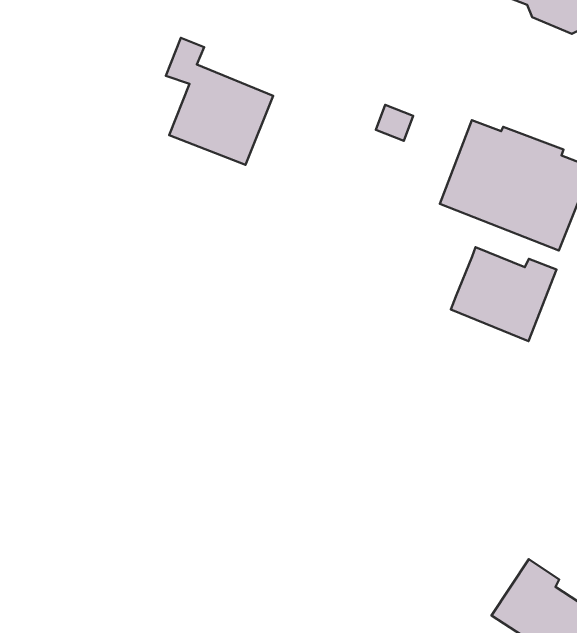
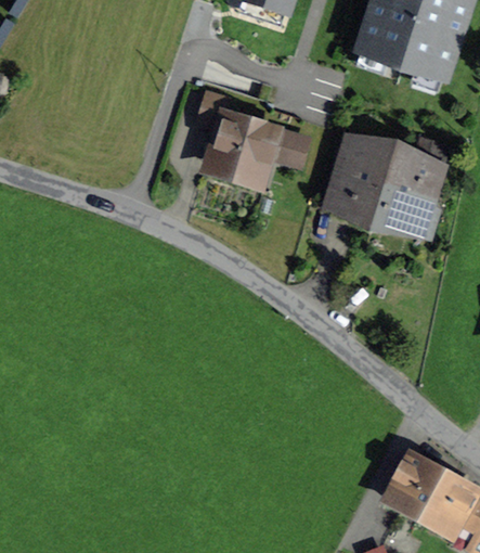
building: [166,38,273,165] -> [200,95,278,183]
building: [451,247,556,341] -> none

